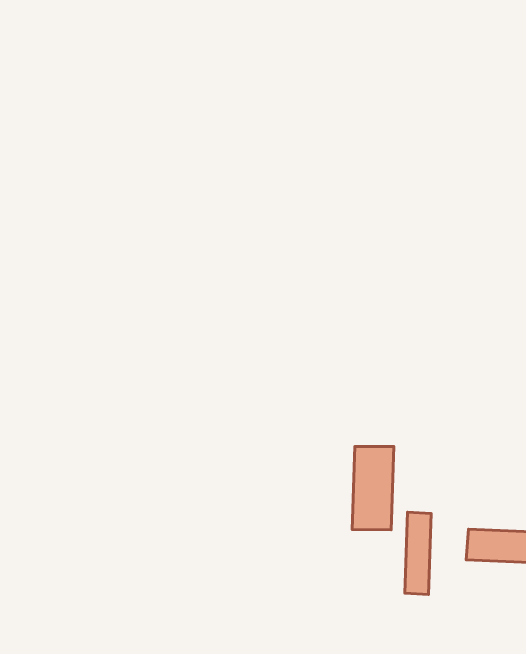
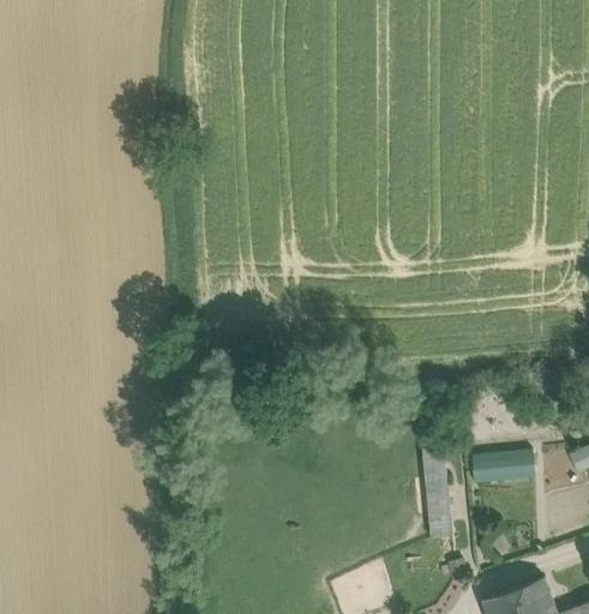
building: [352,446,394,530] -> none

